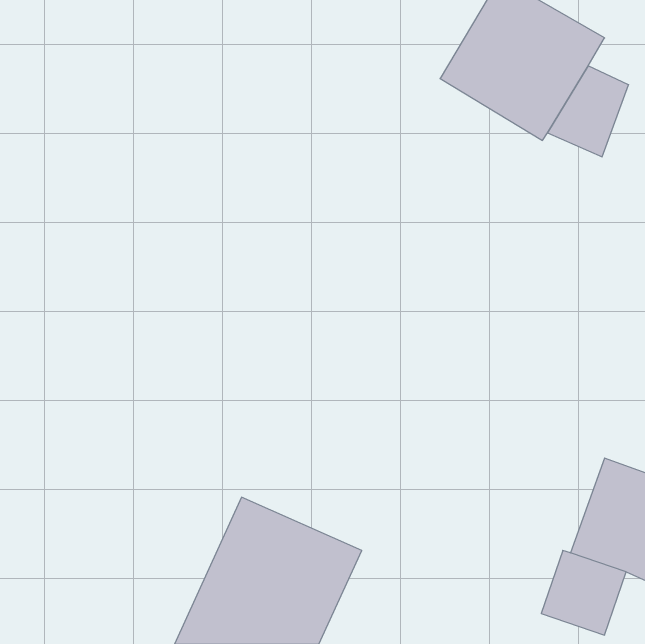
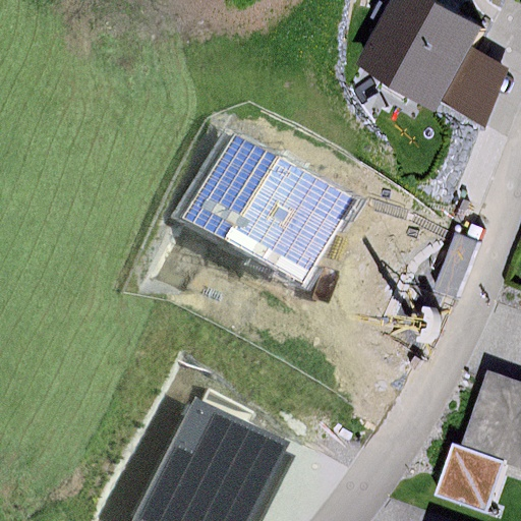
building: none -> [180,132,350,284]

